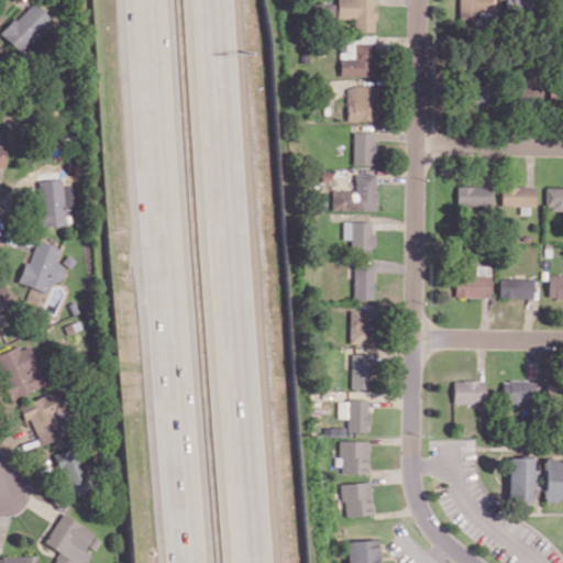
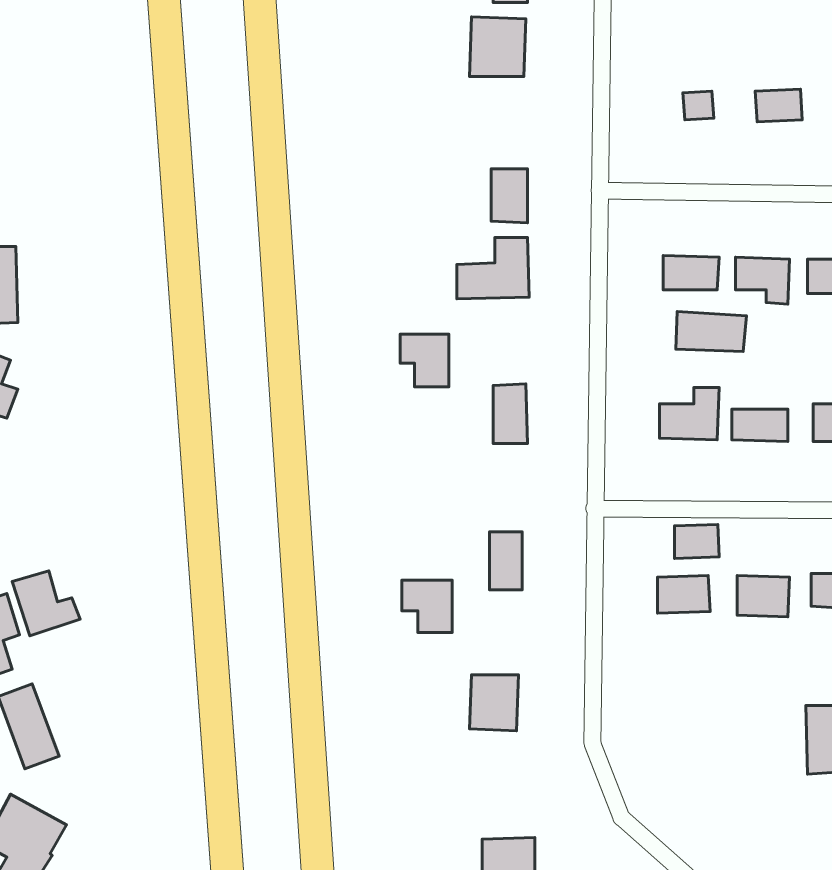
building: [347,86,376,122] -> none
building: none -> [676,312,747,351]
building: [344,222,374,254] -> [400,334,449,387]
building: [351,310,373,344] -> none
building: none -> [675,524,719,558]
building: none -> [12,571,80,636]
building: [340,400,371,432] -> [402,580,452,632]
building: [510,457,536,505] -> none
building: [343,482,375,518] -> none

